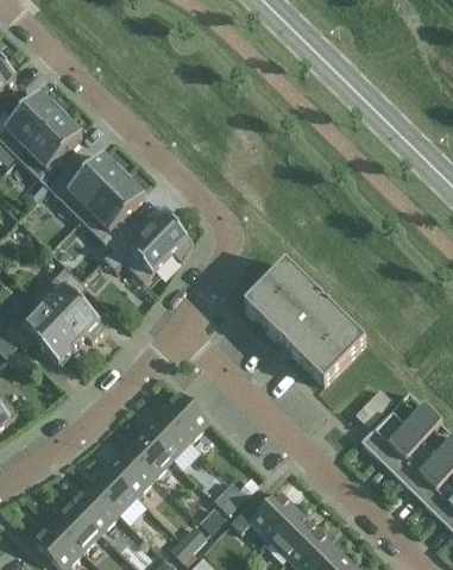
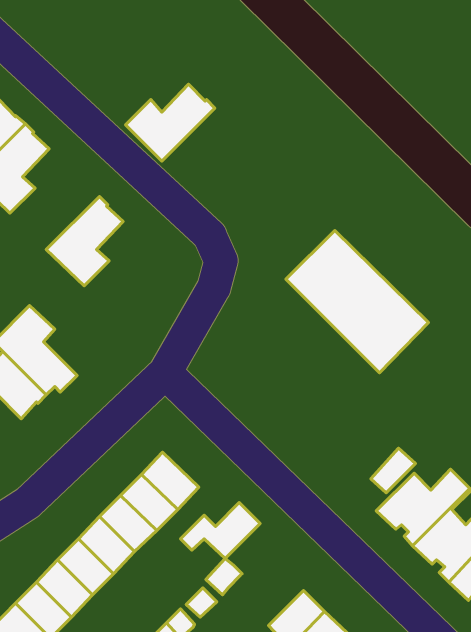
building: [49,152,125,218] -> [126,84,215,161]
building: [103,214,194,281] -> none
building: [244,262,365,383] -> [286,230,428,373]
building: [231,490,298,538] -> [181,503,260,559]

